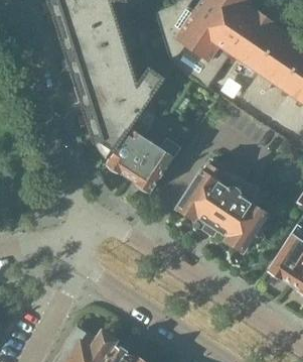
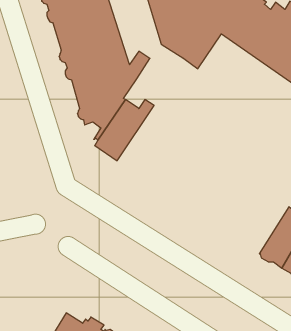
building: [128,125,180,194] -> none
building: [175,163,269,254] -> none

